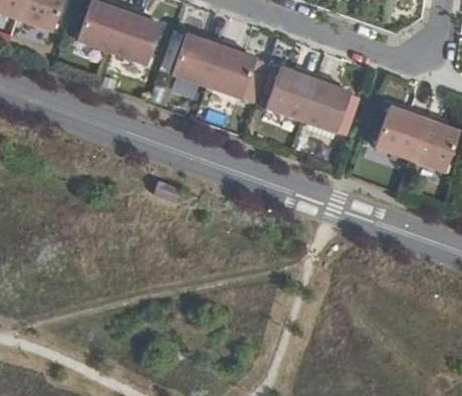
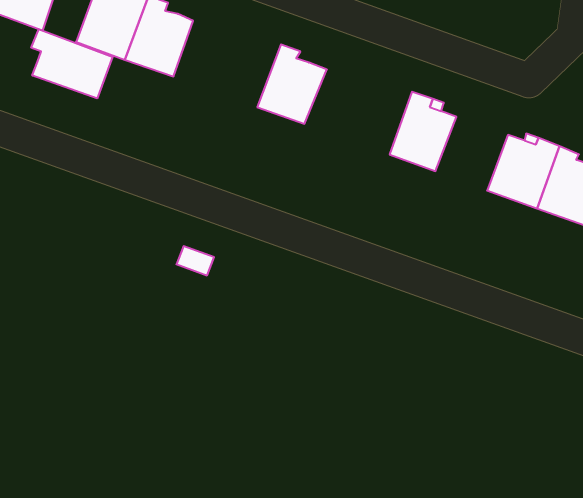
building: none -> [31,29,113,98]
building: [171,32,224,86] -> none
building: [267,67,318,121] -> none

